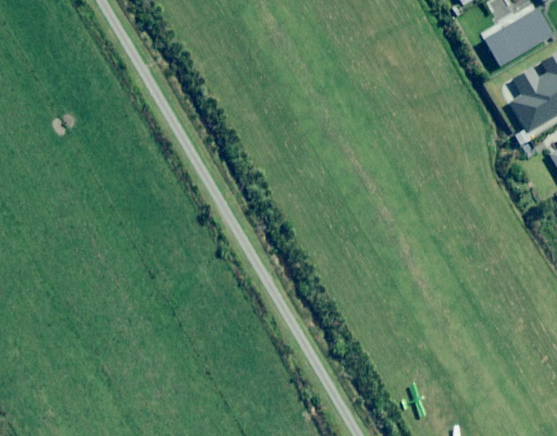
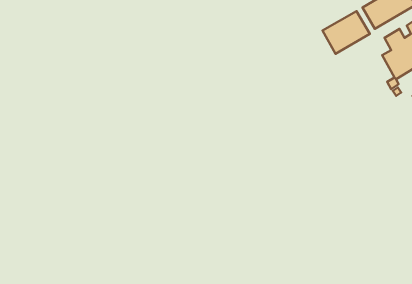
building: none -> [323,11,370,54]

